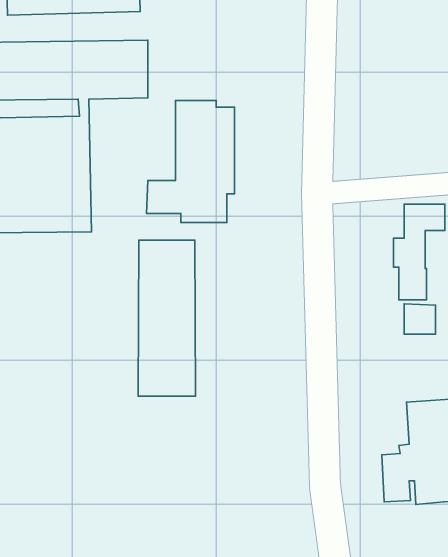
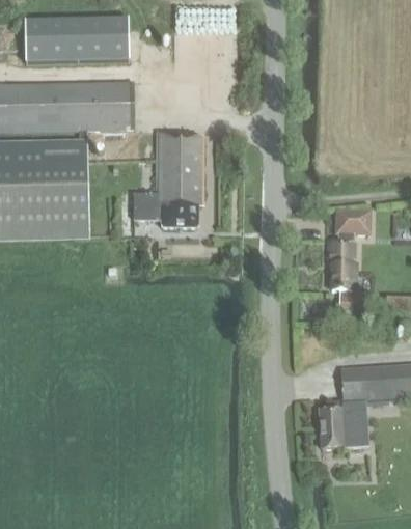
building: [138,240,195,396] -> none

